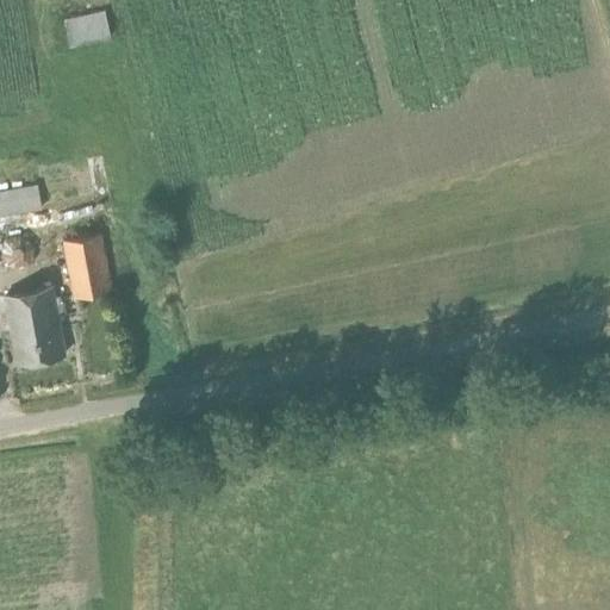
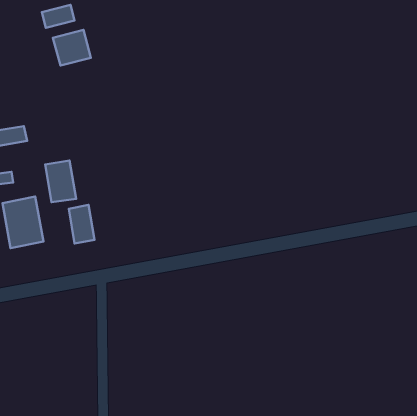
building: none -> [53,30,91,65]
building: none -> [69,205,95,243]

